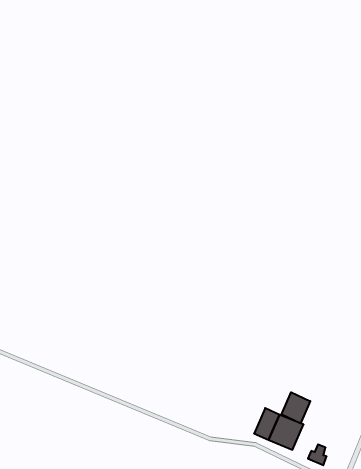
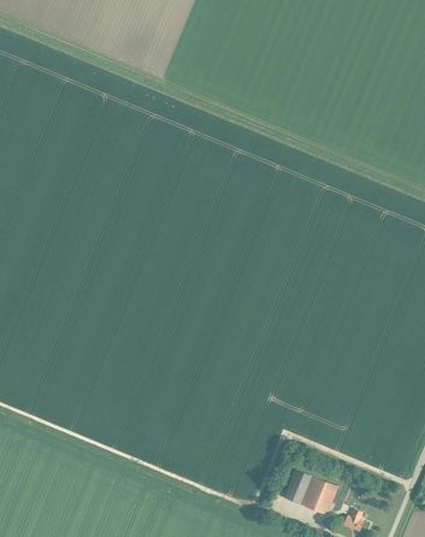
building: [281,392,310,423] -> none

